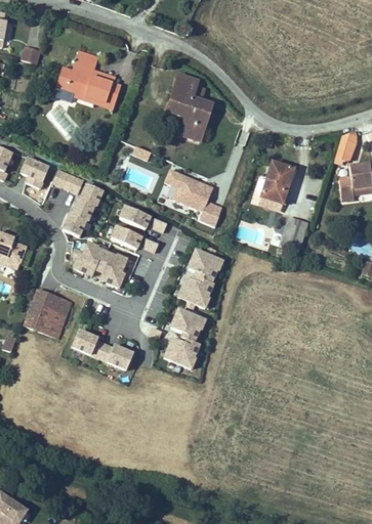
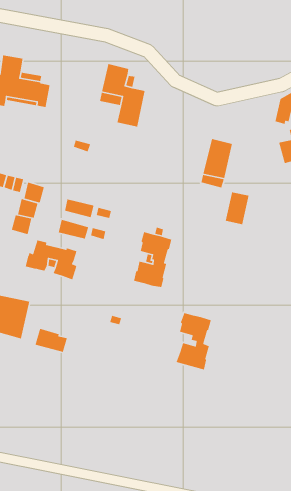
building: [166,171,221,228] -> none
building: [164,306,205,366] -> [176,312,212,370]
building: [99,343,134,368] -> none

